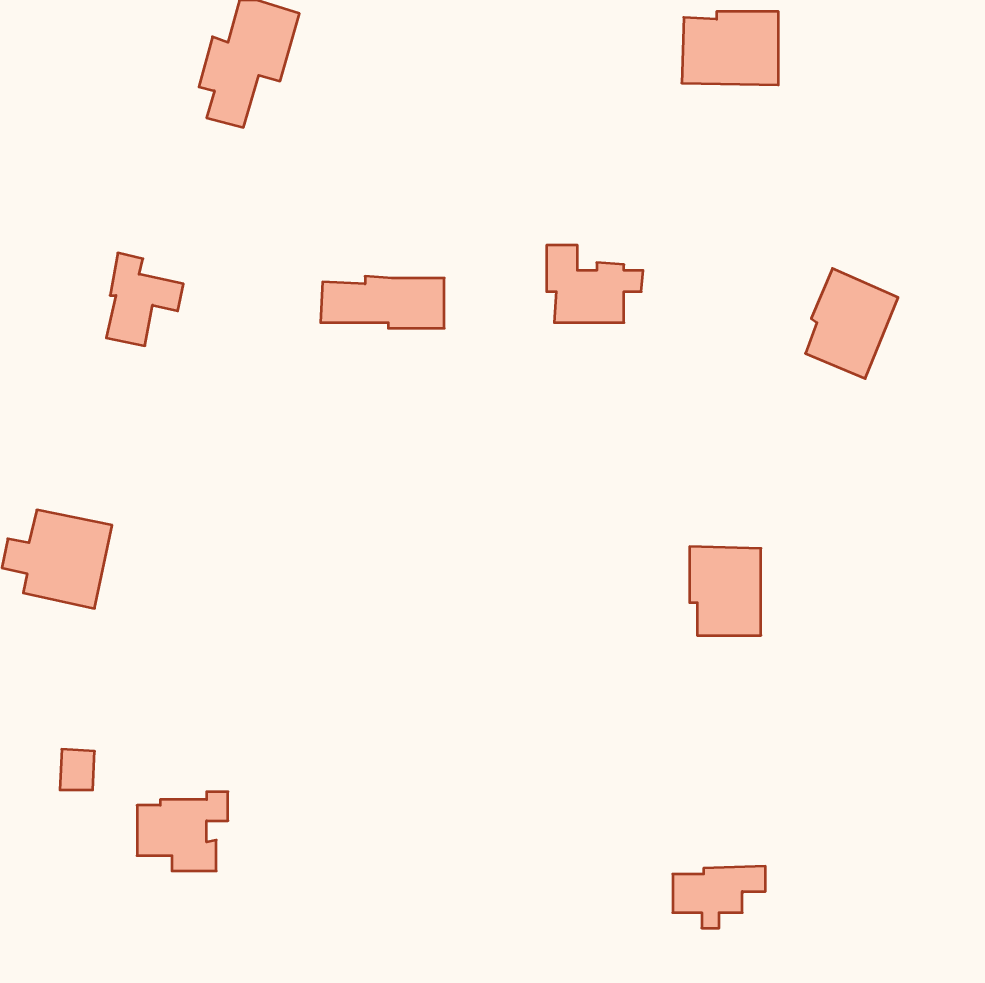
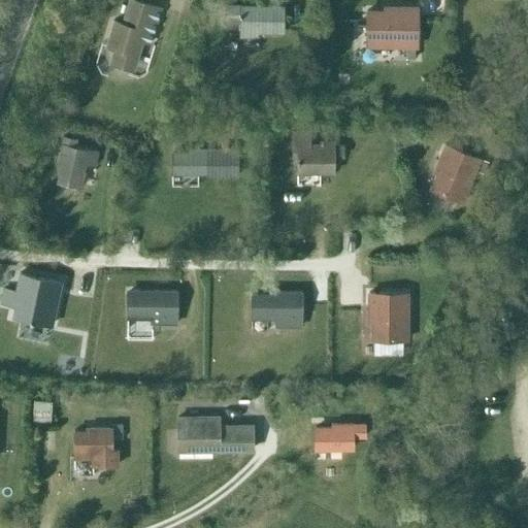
building: none -> [226,7,284,38]
building: none -> [127,292,177,326]
building: none -> [252,293,301,328]
building: none -> [177,419,252,453]
building: [673,866,765,928] -> [316,425,365,458]

